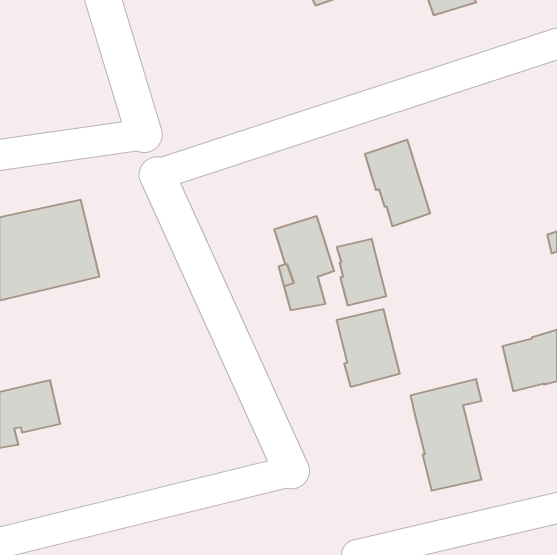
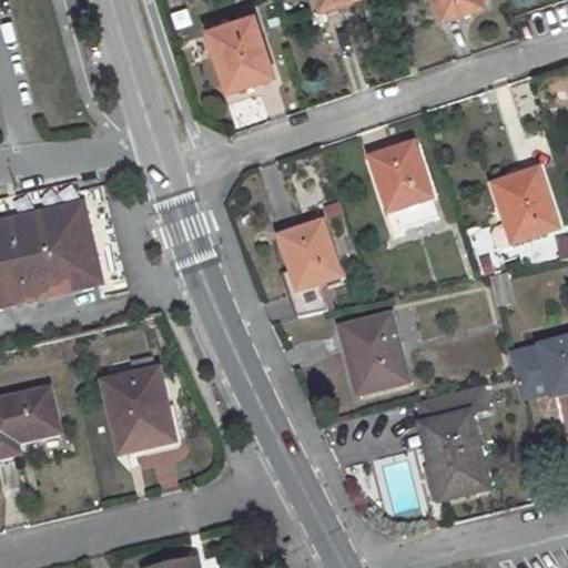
building: none -> [209,14,272,88]
building: none -> [493,169,557,245]
building: [337,239,386,306] -> none
building: none -> [104,371,174,452]

